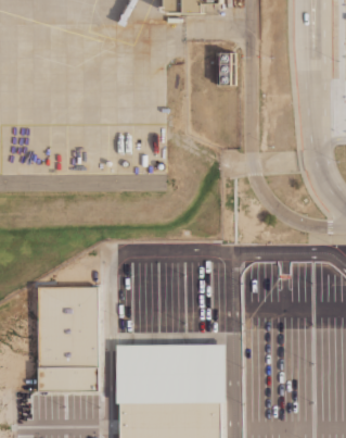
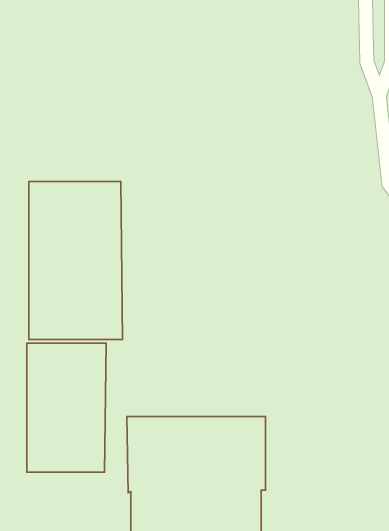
building: none -> [29,181,123,339]

